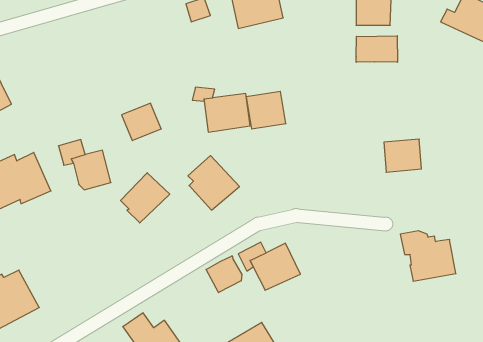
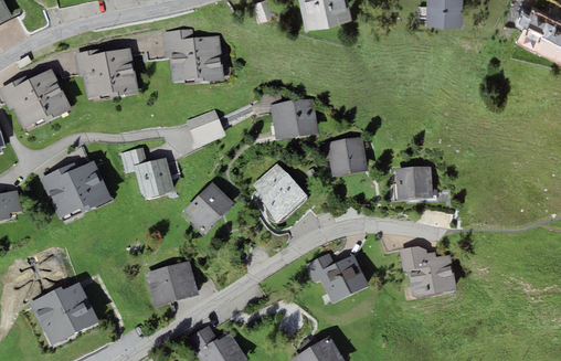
building: none -> [161,29,223,83]
building: [356,36,397,62] -> none
building: none -> [74,46,138,98]
building: [246,91,286,129] -> [326,137,367,176]
building: [384,139,421,172] -> [394,166,433,200]
building: [400,231,456,281] -> [399,246,456,298]
building: none -> [144,261,199,308]
building: [206,256,242,293] -> none

